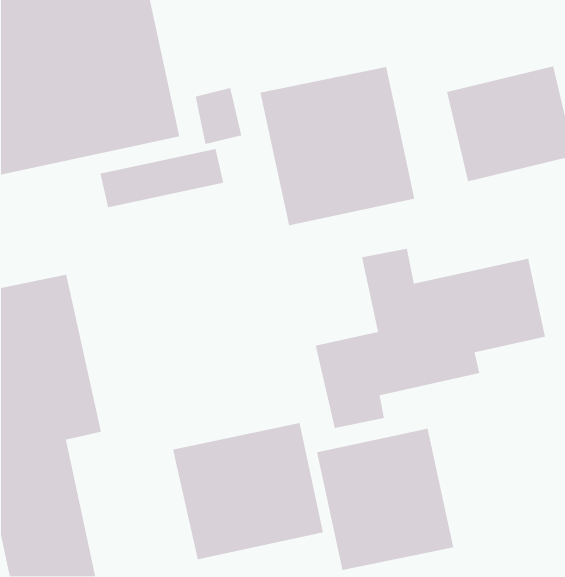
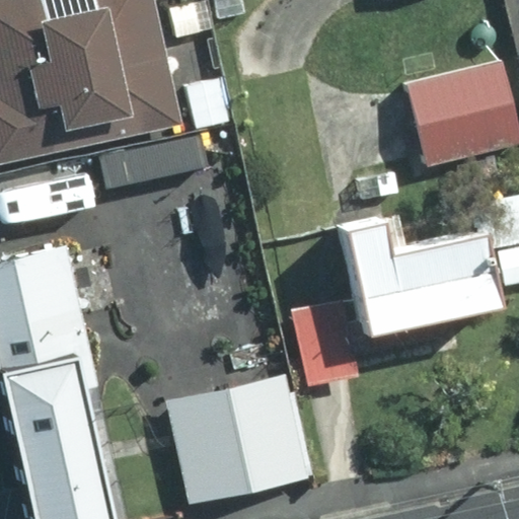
building: [260,66,415,226] -> none
building: [316,428,454,571] -> none

